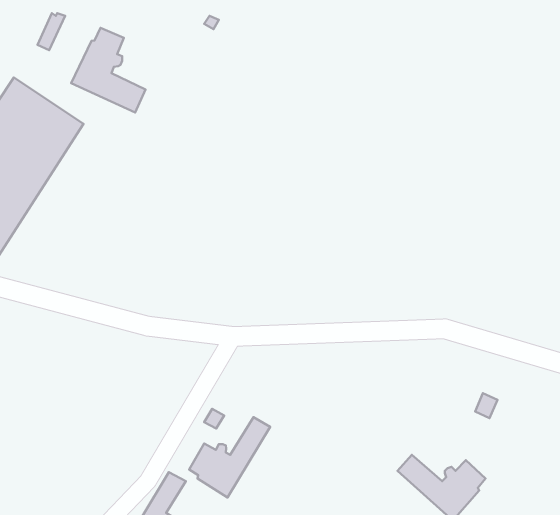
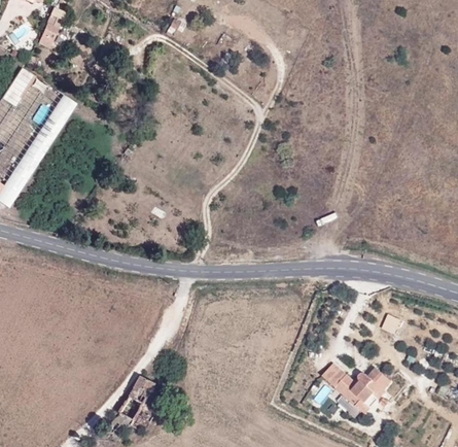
building: [71,28,145,113] -> none
building: [189,417,270,498] -> none

